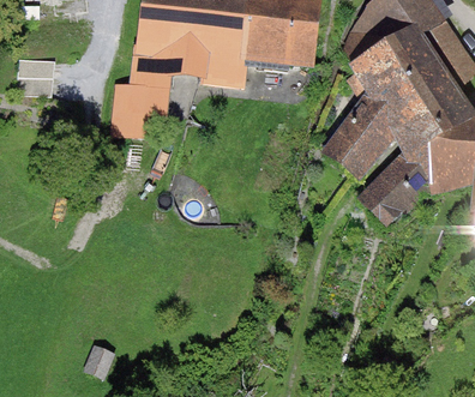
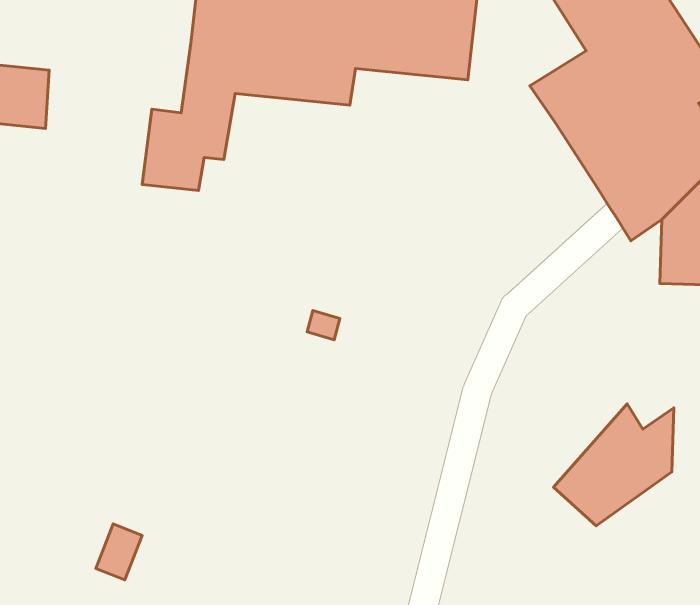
building: [325,89,393,178] -> none
building: [359,146,433,222] -> [554,404,674,526]

